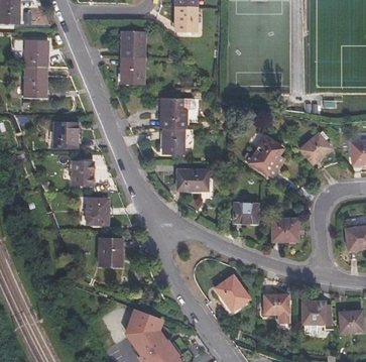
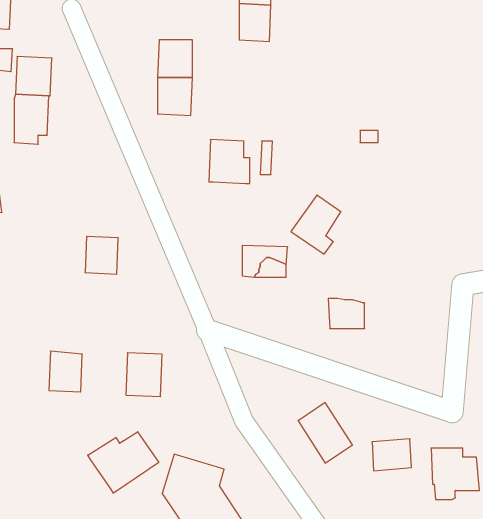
building: [53,123,79,149] -> none
building: [157,125,178,152] -> none
building: [300,133,332,163] -> none
building: [248,137,281,176] -> [291,195,341,254]
building: [88,199,110,226] -> [49,351,82,392]
building: [272,215,299,241] -> none
building: none -> [88,432,159,493]

